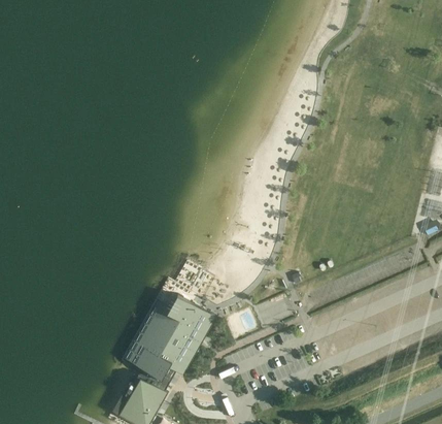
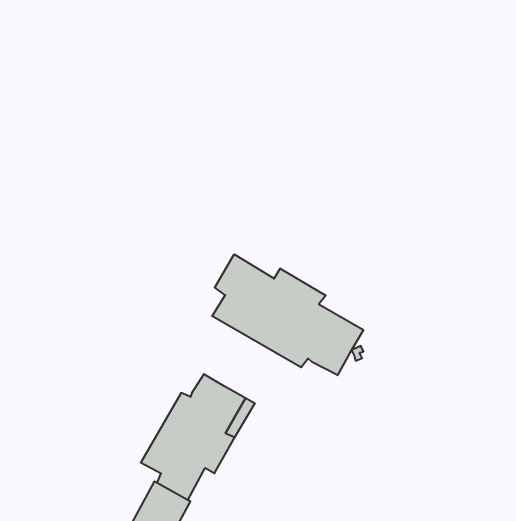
building: none -> [212,254,363,375]

